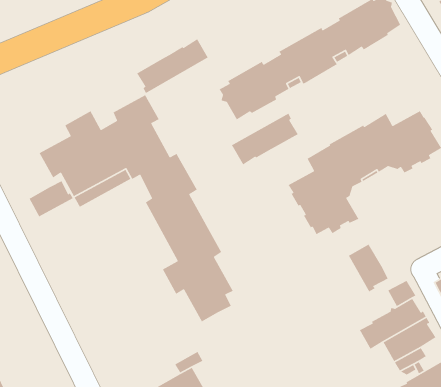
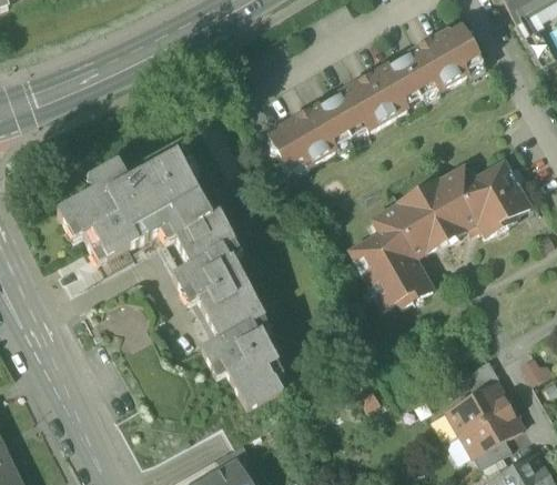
building: [136,38,209,94] -> none
building: [231,113,299,166] -> none
building: [29,180,74,217] -> none
building: [348,244,389,292] -> none

